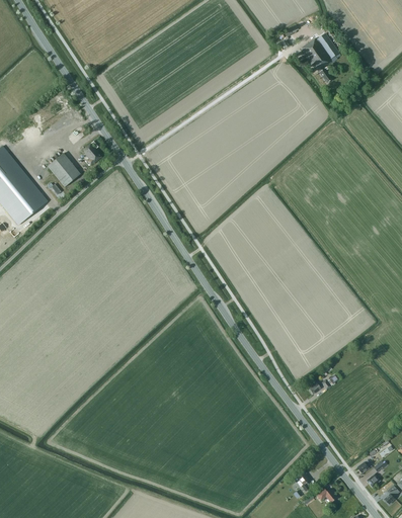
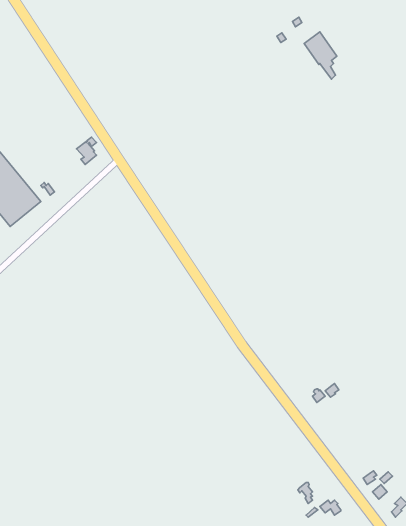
building: [48,153,80,186] -> none

